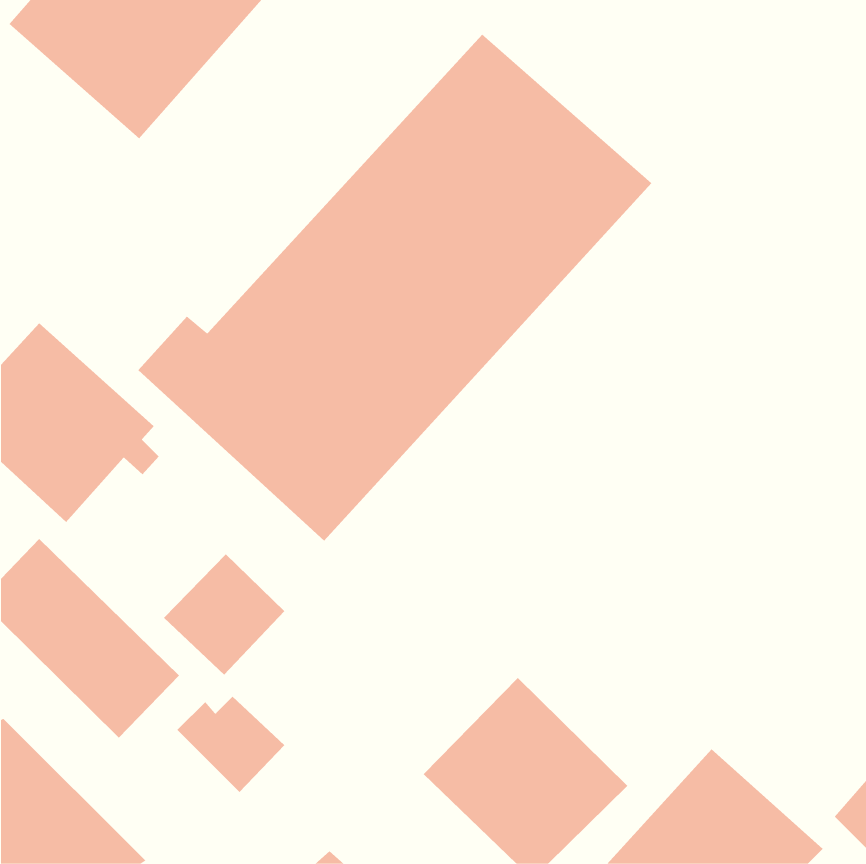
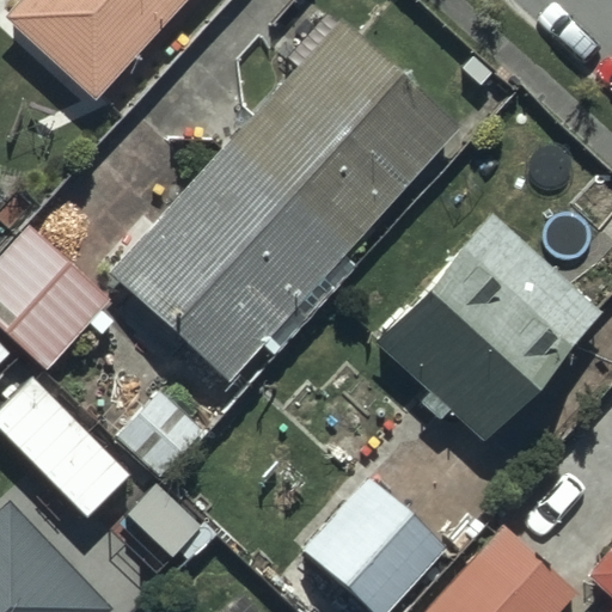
building: none -> [381,216,600,440]

